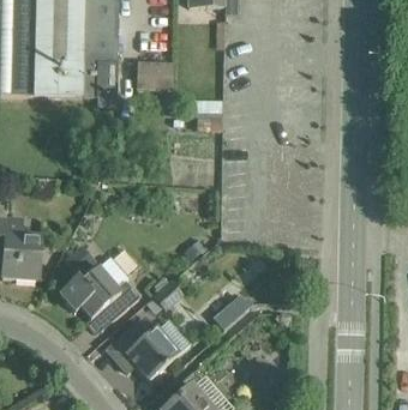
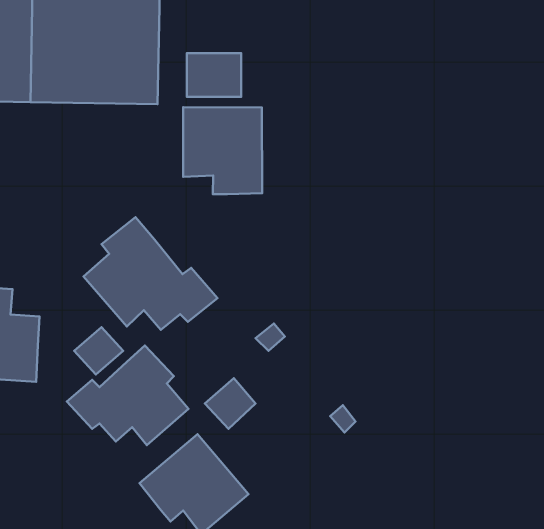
building: none -> [183,107,262,194]
building: none -> [83,217,217,330]

